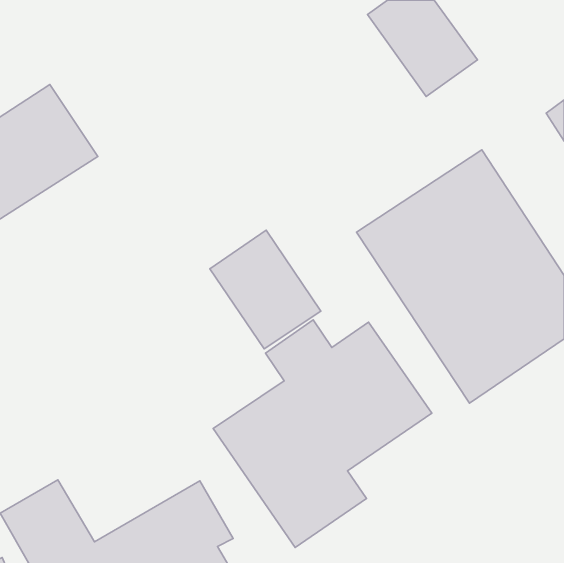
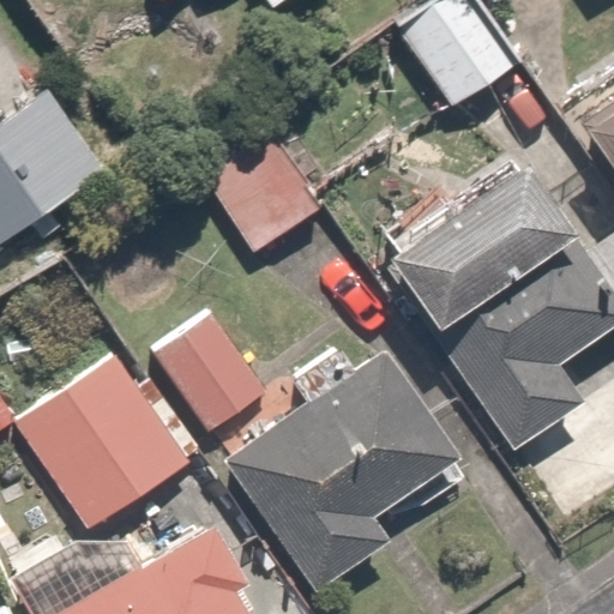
building: none -> [186,104,319,248]
building: [210,230,321,349] -> [149,307,269,435]
building: none -> [8,354,179,531]

